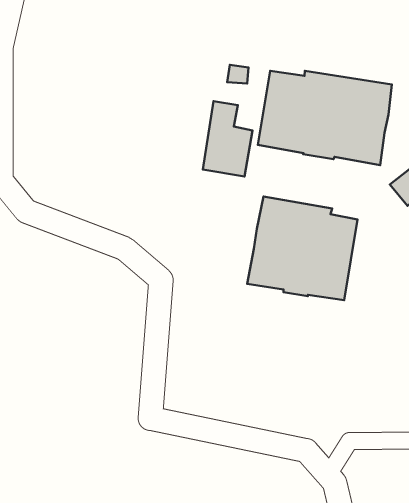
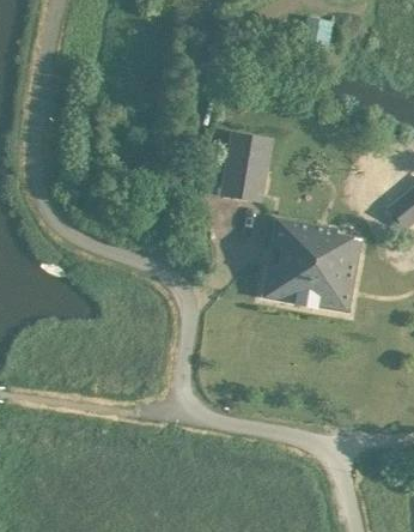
building: [258,71,392,165] -> none

